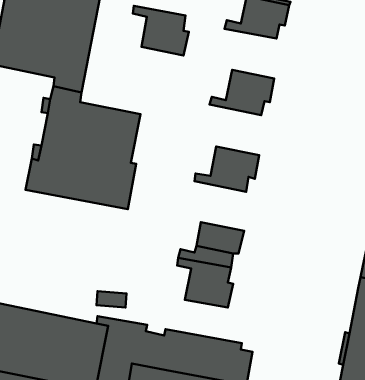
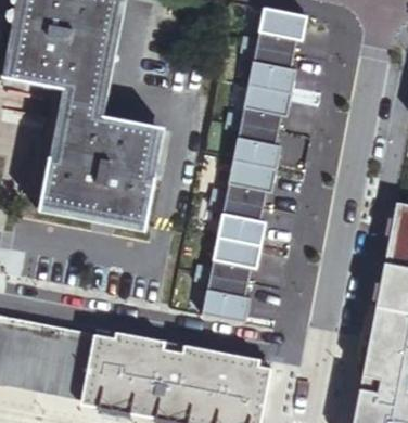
building: [133,6,189,56] -> [241,42,297,92]
building: none -> [226,118,281,169]
building: none -> [209,195,266,245]

